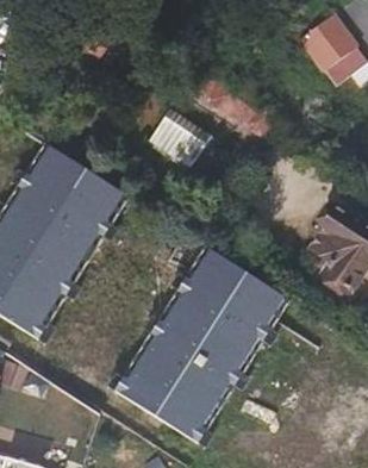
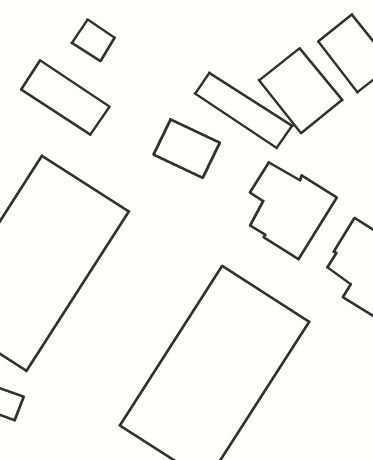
building: none -> [259,48,342,133]
building: none -> [21,60,109,135]
building: none -> [250,162,337,259]

